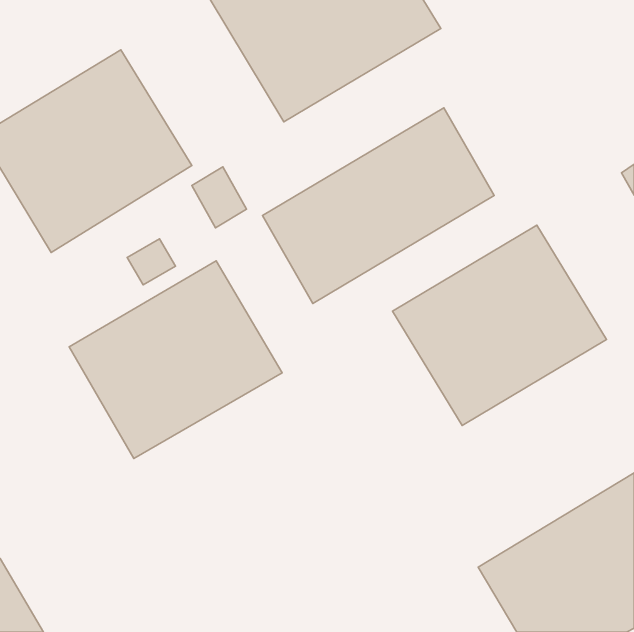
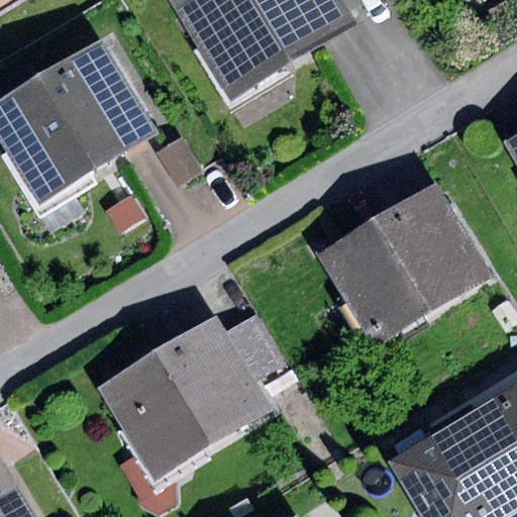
building: [262,108,494,303] -> none
building: [69,261,282,459] -> [98,317,271,478]

